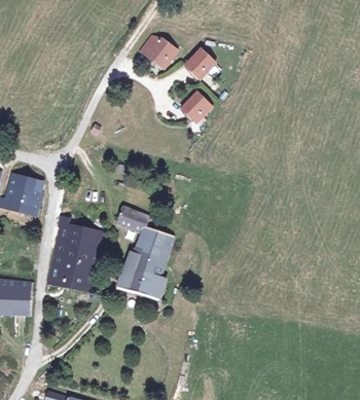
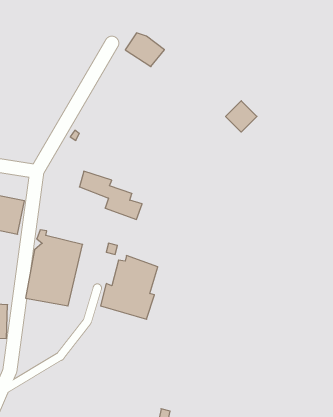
building: [185,50,214,79] -> none
building: [180,90,209,119] -> [226,101,257,132]
building: [117,207,175,251] -> [79,171,142,219]

